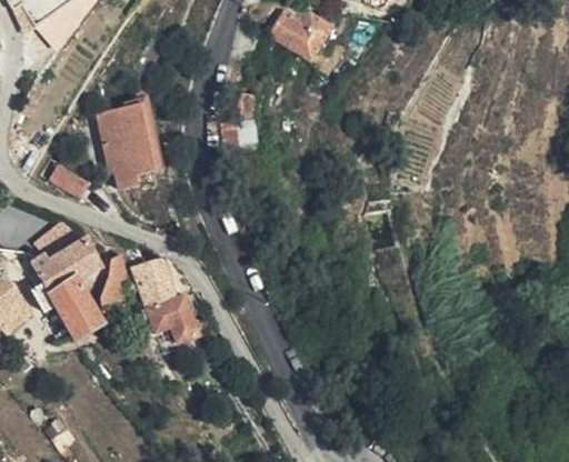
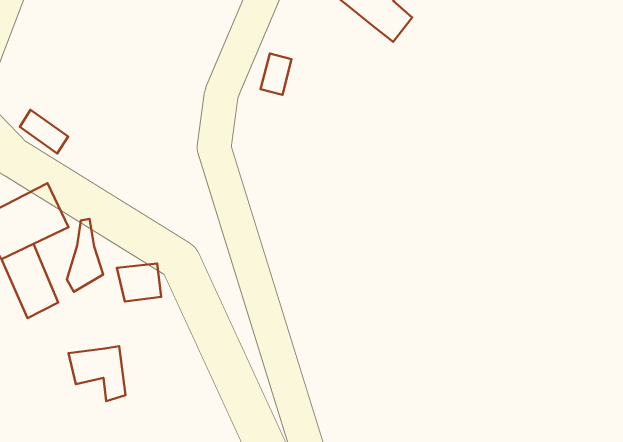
building: [97,100,150,182] -> none
building: [149,289,198,333] -> [69,346,125,401]

